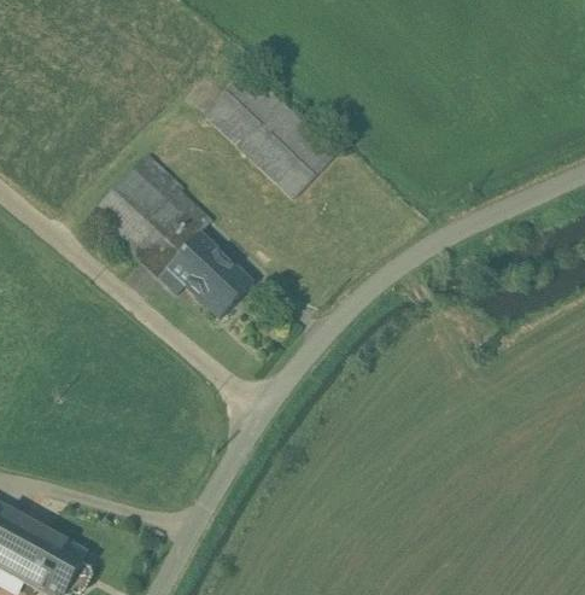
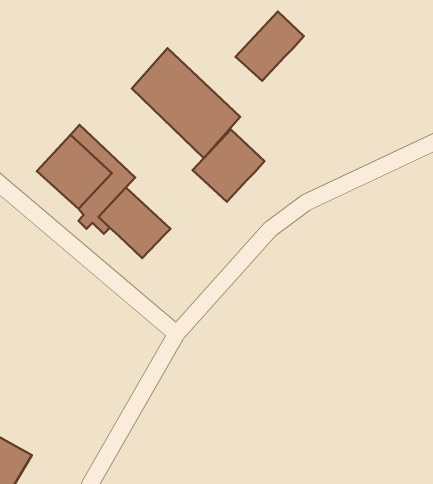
building: none -> [235,12,304,81]
building: none -> [192,130,264,202]

